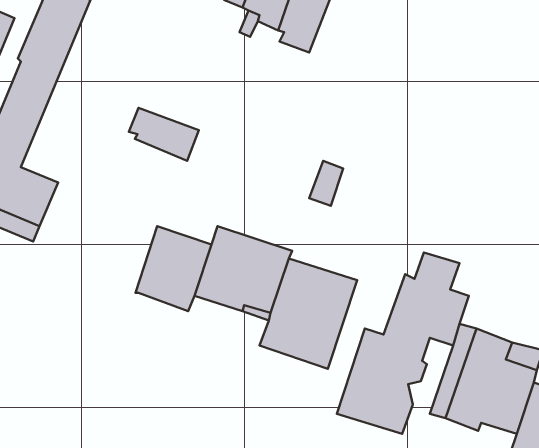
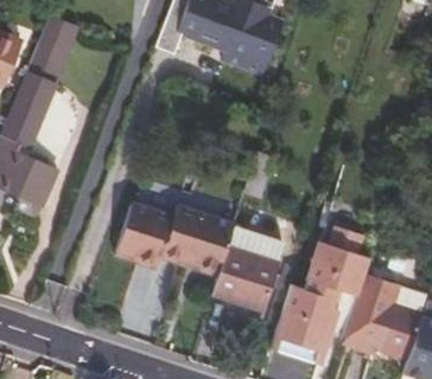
building: [129,108,199,161] -> none

